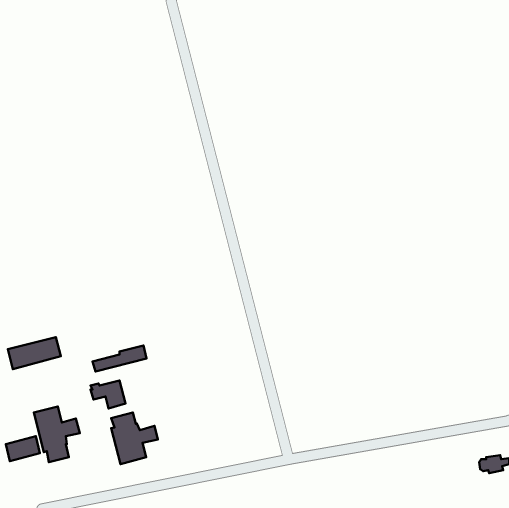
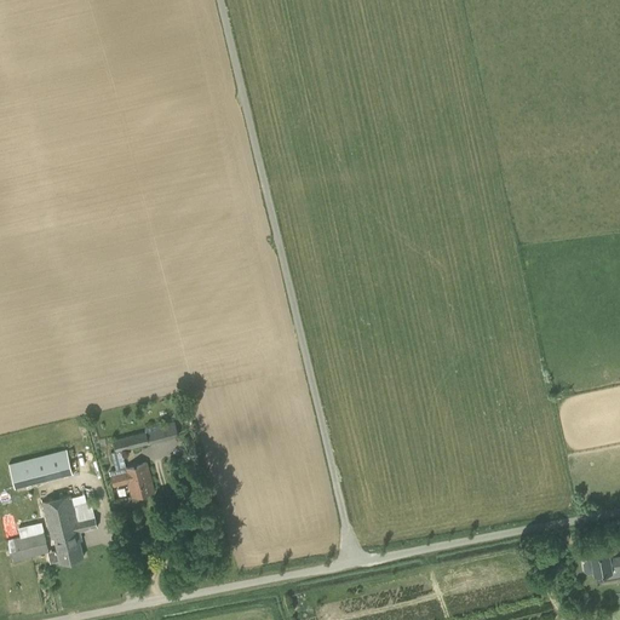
building: [8,337,61,369] -> [8,450,73,489]
building: [111,412,158,464] -> none

